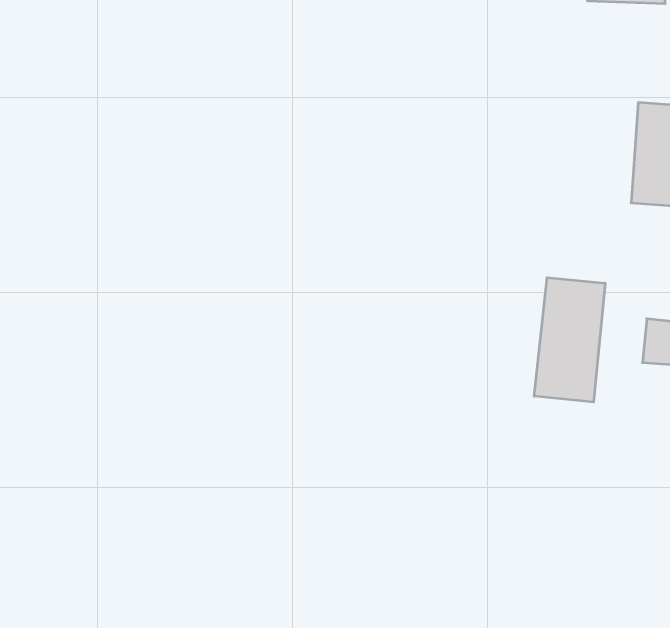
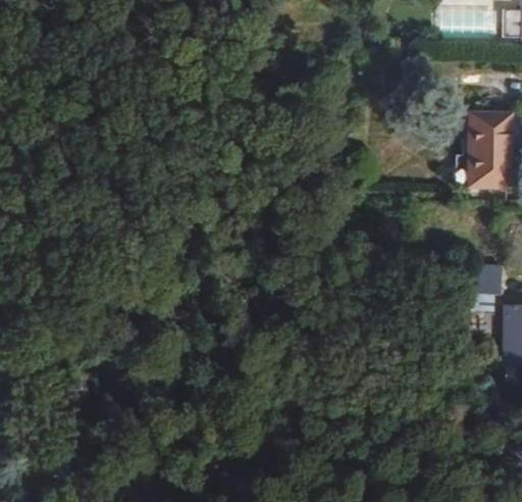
building: [534,278,605,402] -> none

